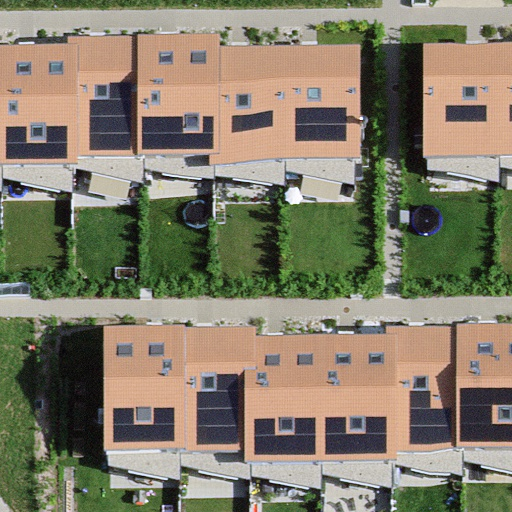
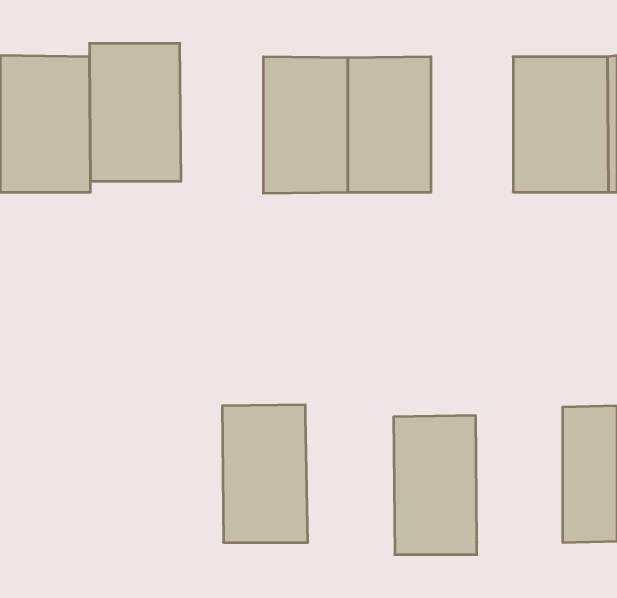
building: [149,36,218,150] -> none
building: [106,336,185,449] -> none
building: [394,337,466,449] -> none
building: [253,345,327,459] -> none

